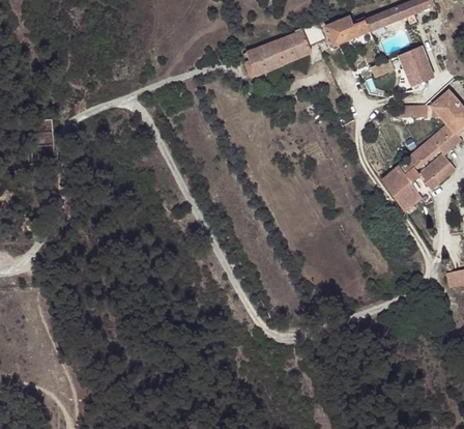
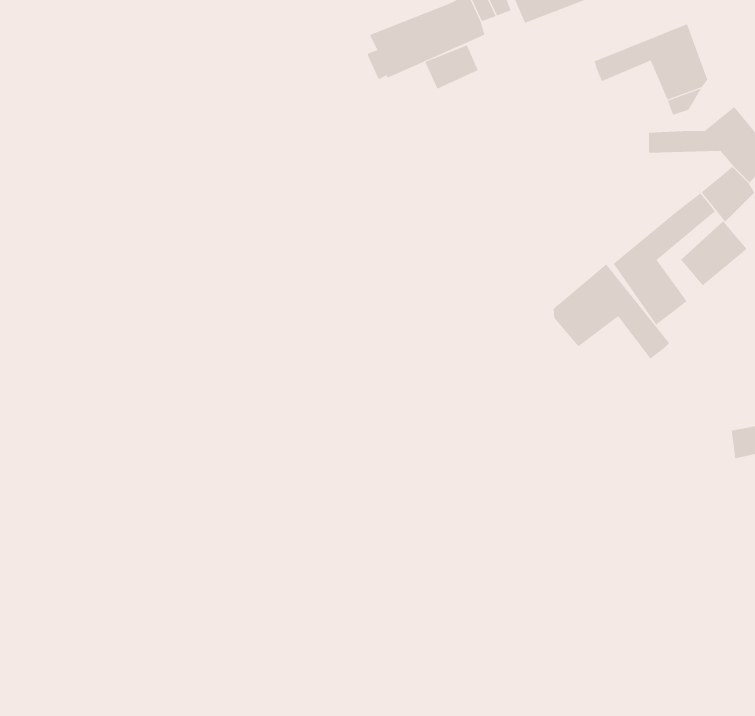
building: none -> [425,45,479,90]
building: none -> [553,263,670,360]

